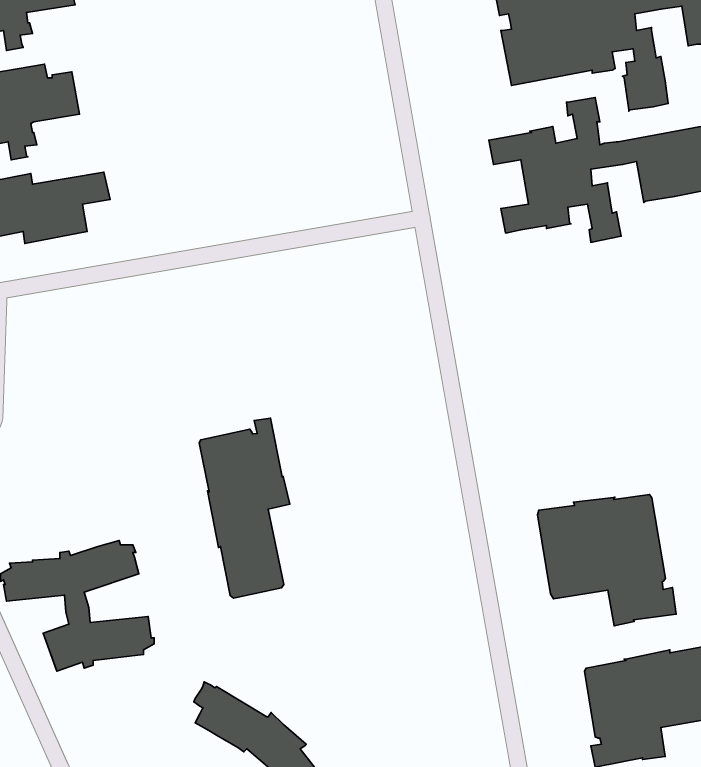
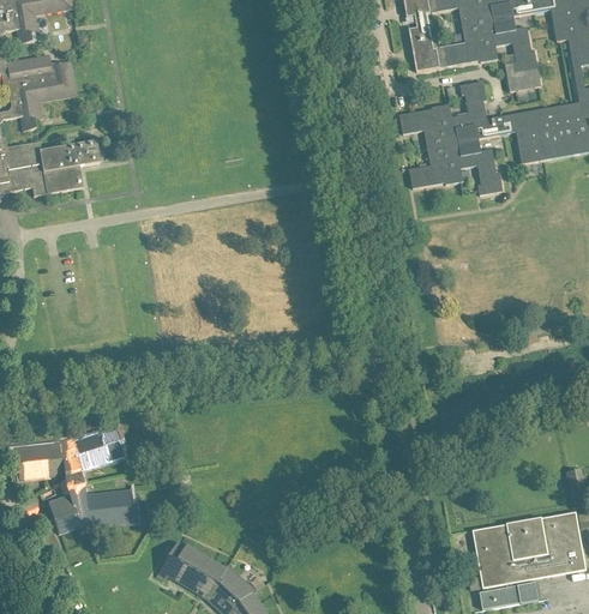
building: [199,418,290,598] -> none
building: [537,495,676,626] -> none

